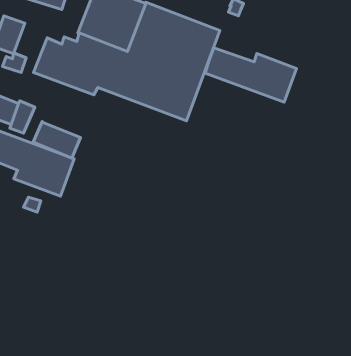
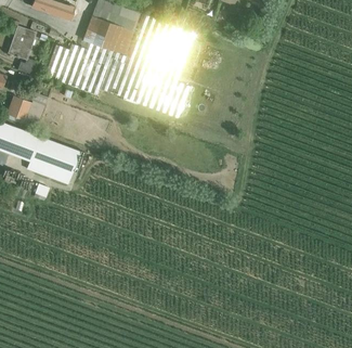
building: [205,48,297,102] -> none
building: [33,122,80,158] -> none

